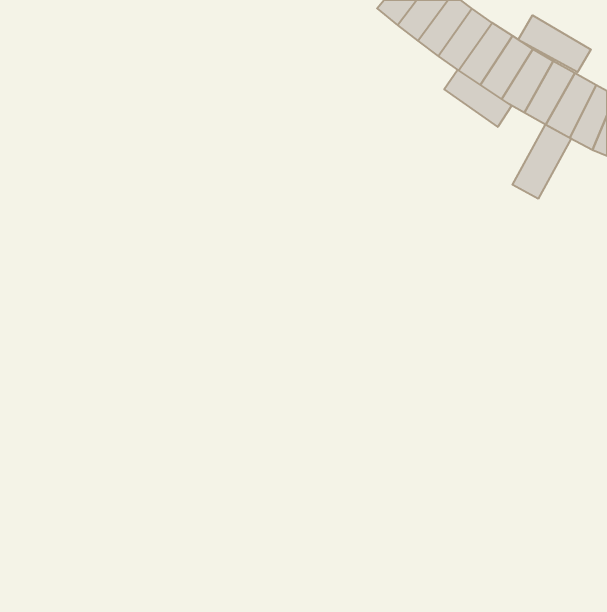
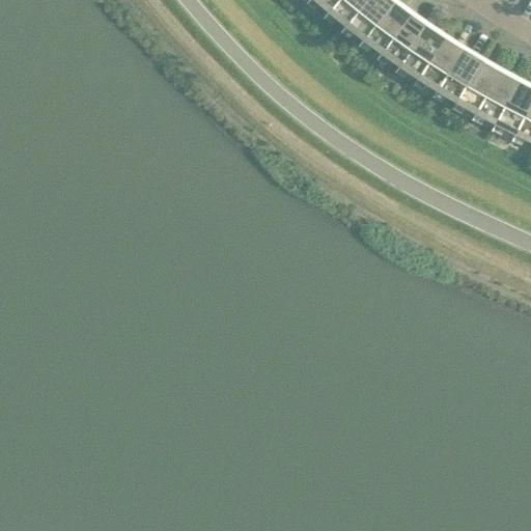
building: [518,15,591,72] -> none
building: [444,70,512,127] -> none
building: [512,124,571,199] -> none

